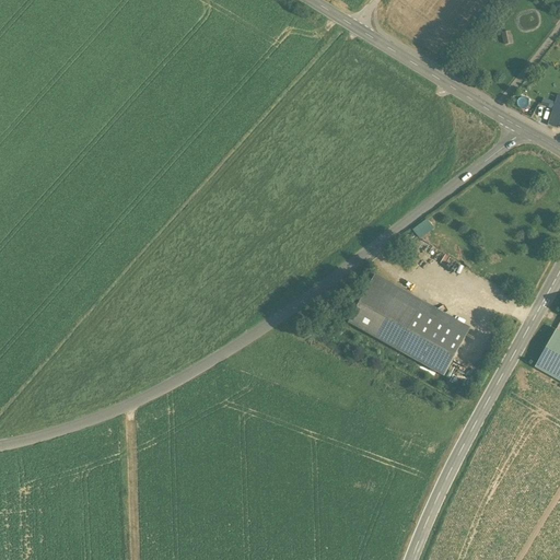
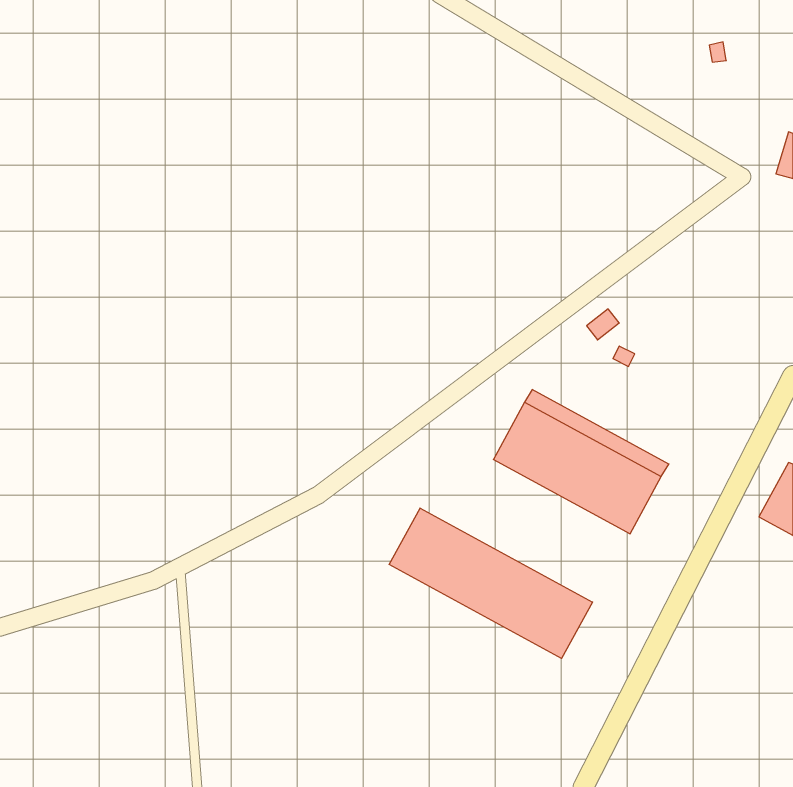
building: none -> [389,508,593,658]

